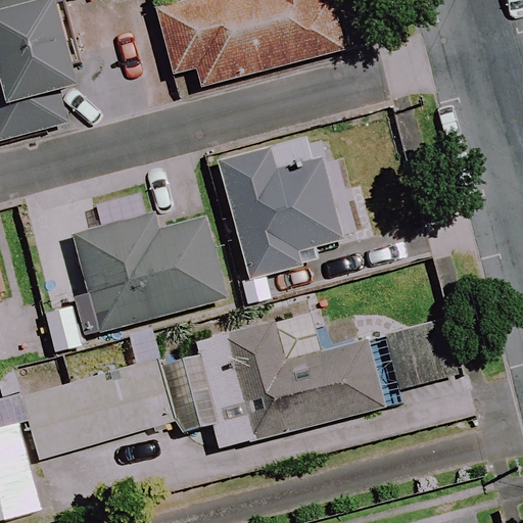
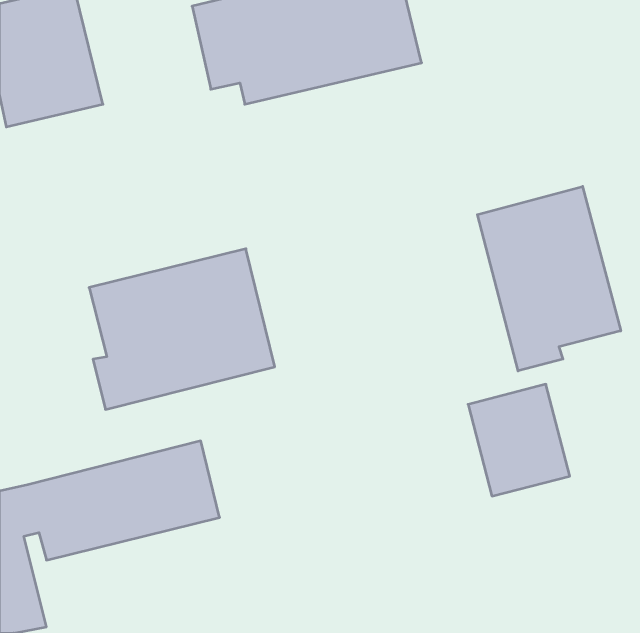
building: [216,128,369,279] -> none
building: none -> [477,186,621,371]
building: [163,322,385,449] -> none

